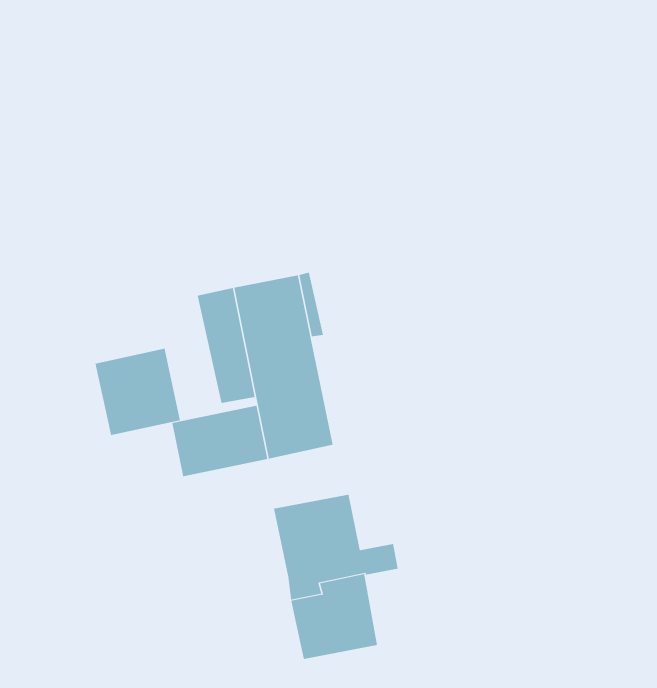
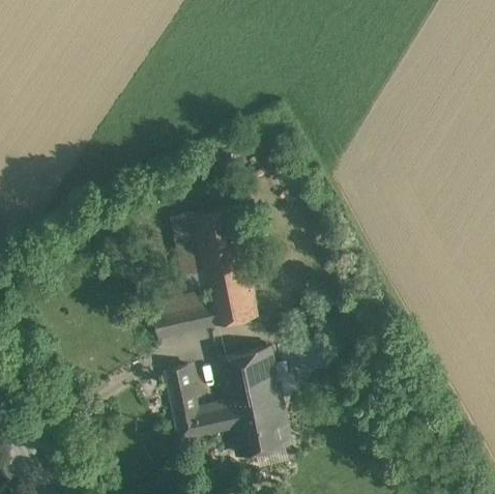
building: [95,348,181,436] -> none
building: none -> [168,368,233,439]

